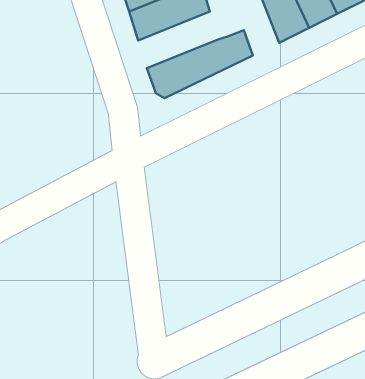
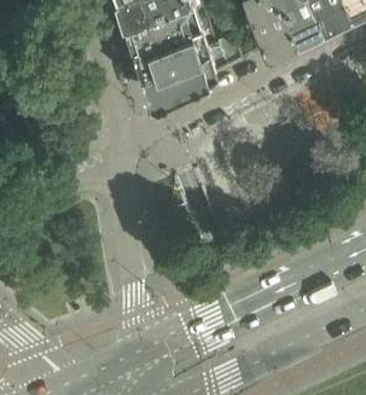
building: none -> [135,30,213,85]

